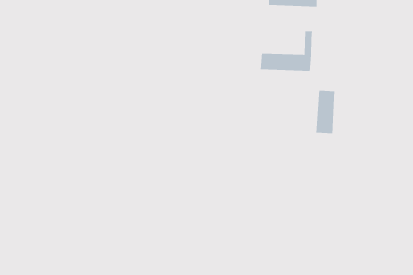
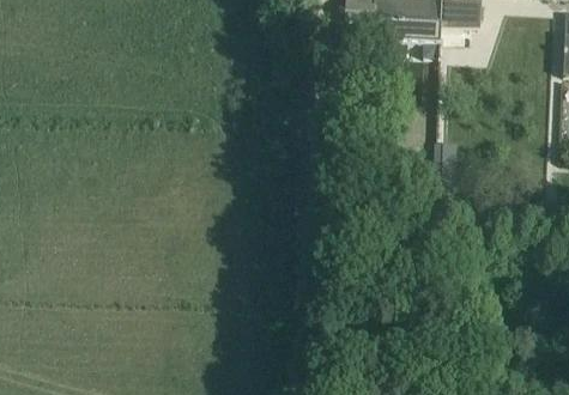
building: [260,30,313,72] -> none

